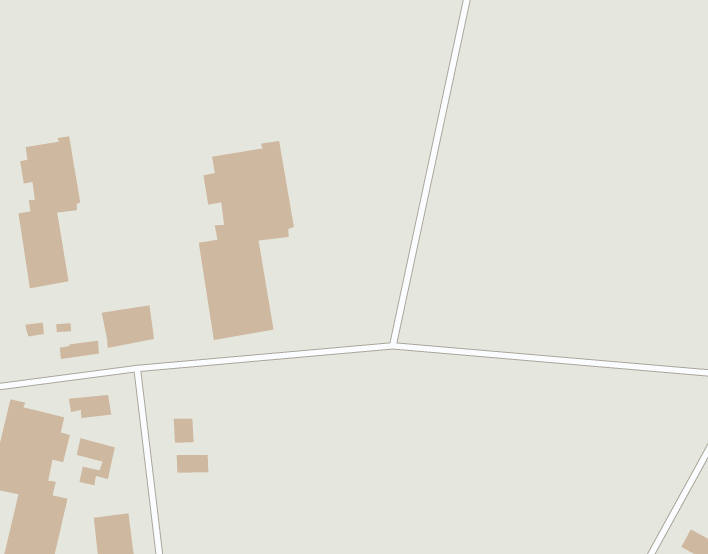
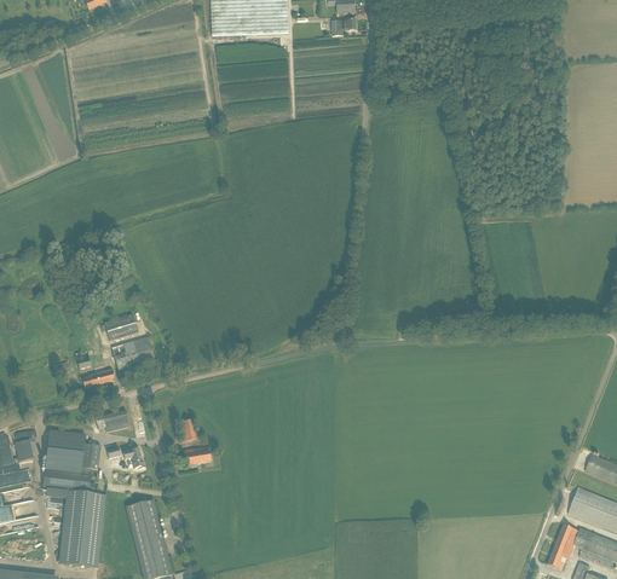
building: [17,135,81,289] -> none
building: [198,140,295,341] -> none
building: none -> [103,312,137,338]

